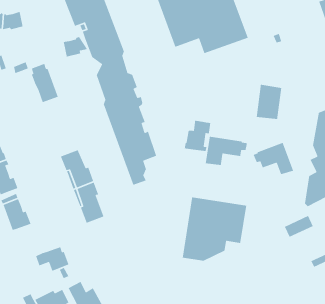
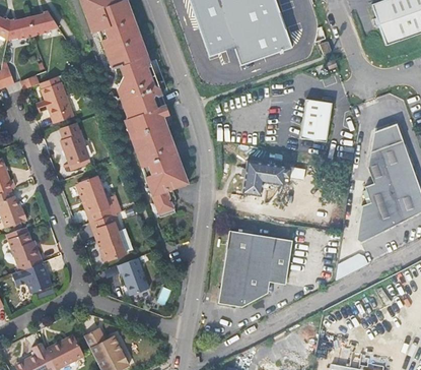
building: [63,36,88,57] -> [29,9,59,34]
building: none -> [60,121,89,164]
building: [184,120,211,152] -> none
building: [253,142,294,175] -> none
building: none -> [117,257,148,294]
building: [35,246,70,272] -> [12,262,52,292]

